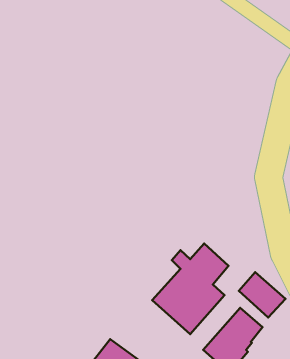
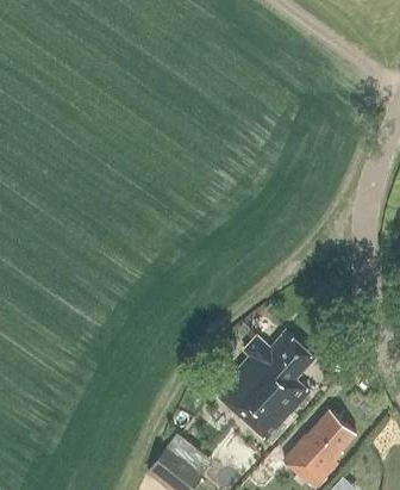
building: [239,272,286,318] -> none

